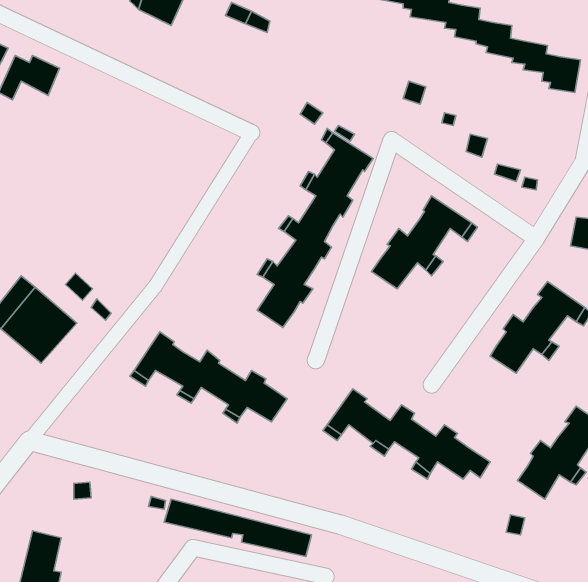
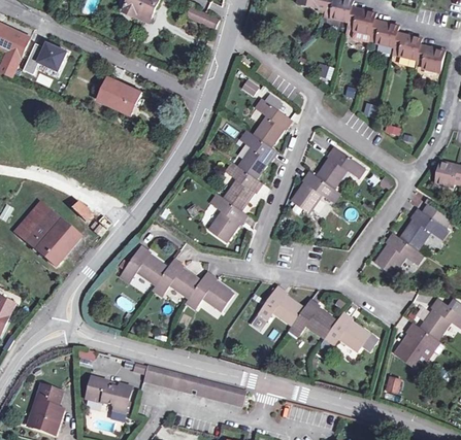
building: none -> [100,81,143,119]
building: none -> [85,376,130,413]

